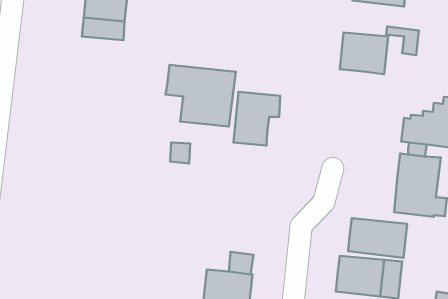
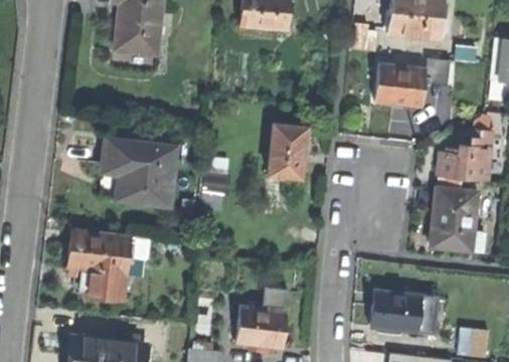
building: [165,65,236,126] -> [105,141,176,203]
building: none -> [68,229,130,301]
building: [348,218,407,258] -> none

